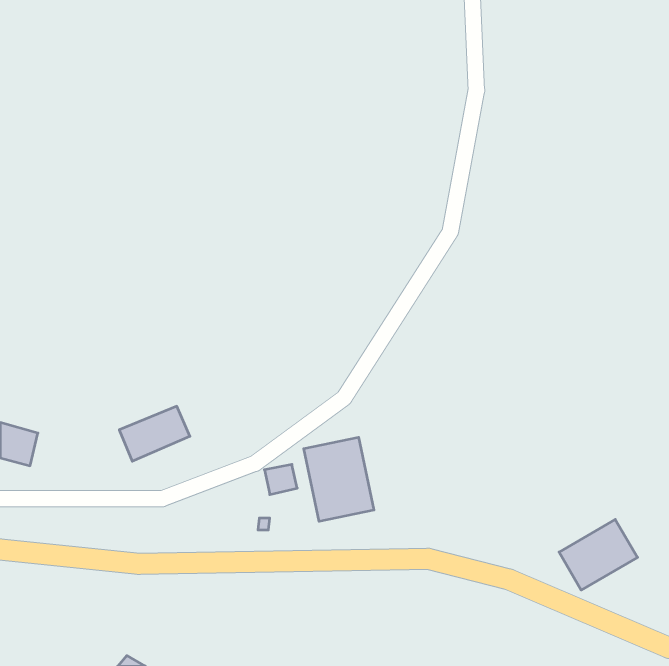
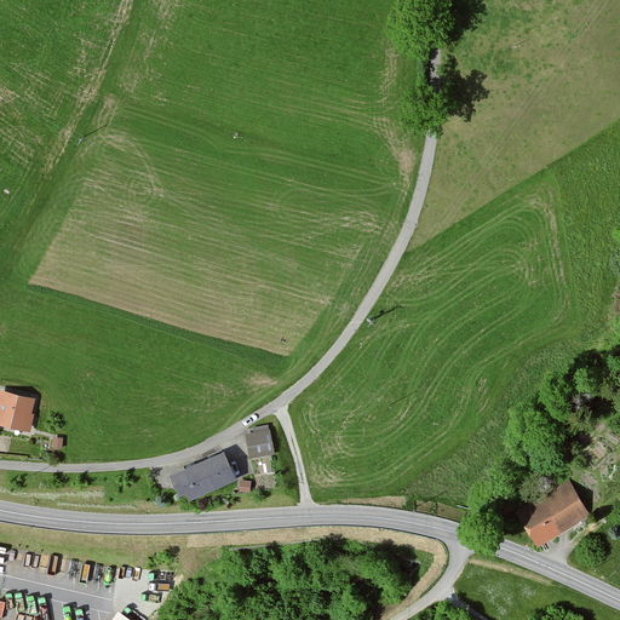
building: [119,406,190,461] -> [168,450,234,501]
building: [304,437,374,521] -> none

